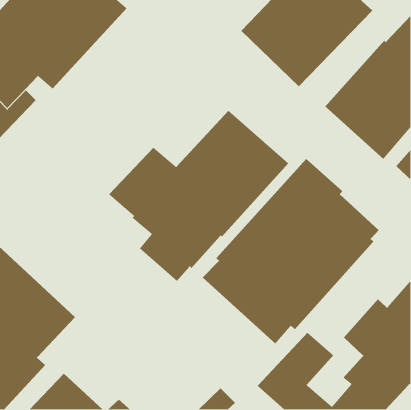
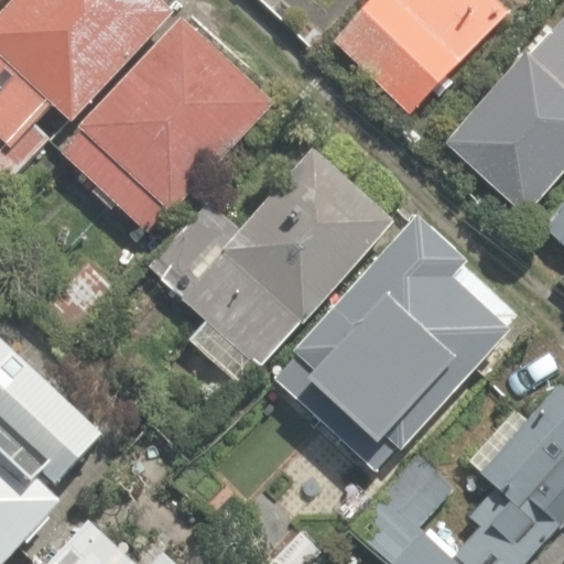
building: none -> [61,14,275,230]

